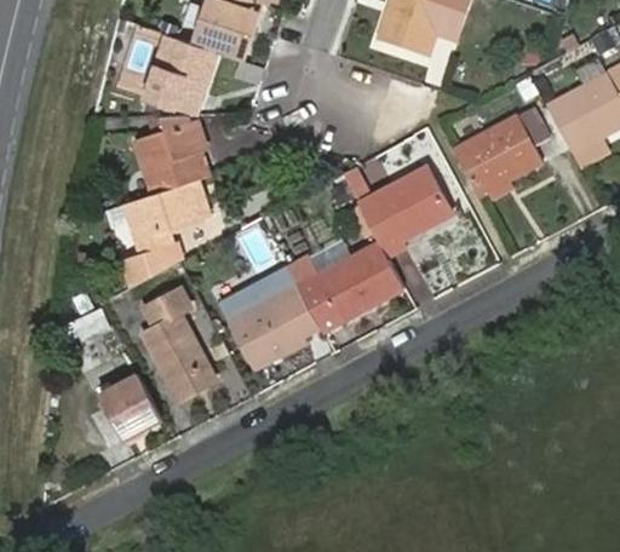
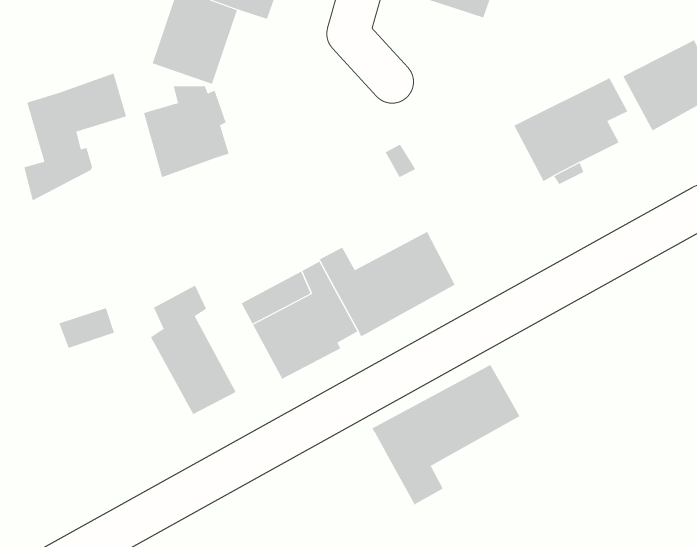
building: [358,166,453,257] -> none
building: [121,178,209,288] -> [24,73,127,201]
building: none -> [372,364,520,505]
building: [99,373,161,439] -> none

